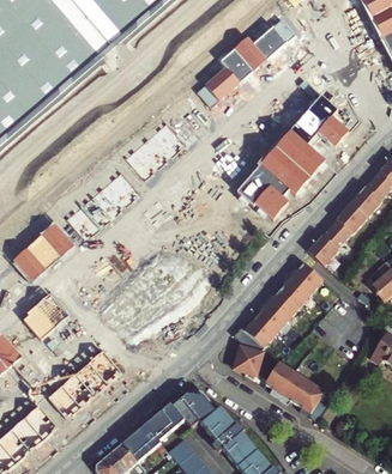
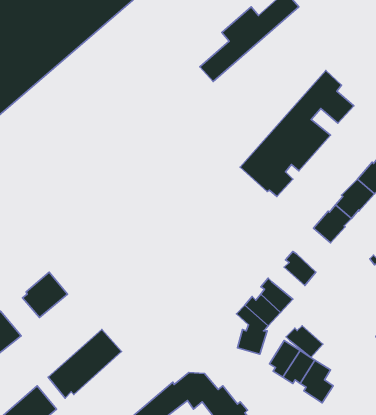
building: [11,221,74,281] -> none
building: [288,262,322,293] -> none
building: [264,288,300,320] -> [286,326,323,357]

